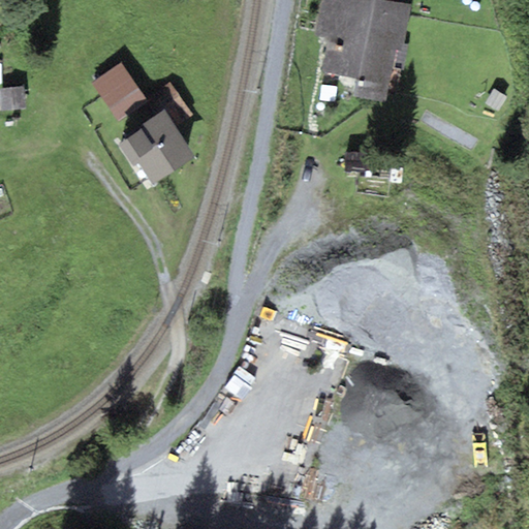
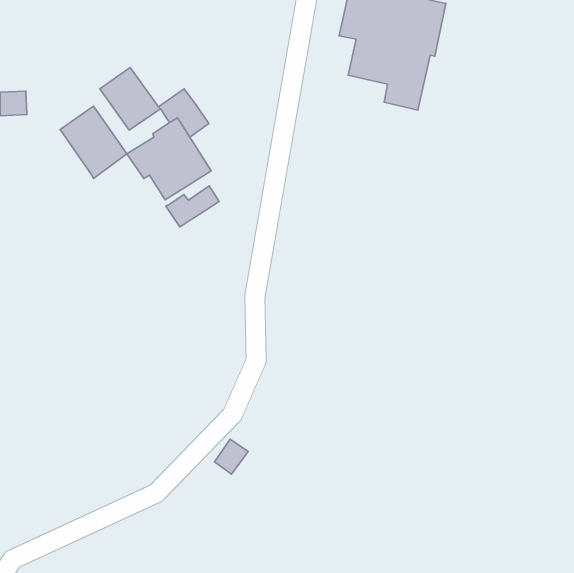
building: none -> [60,106,127,178]
building: none -> [166,186,219,227]

